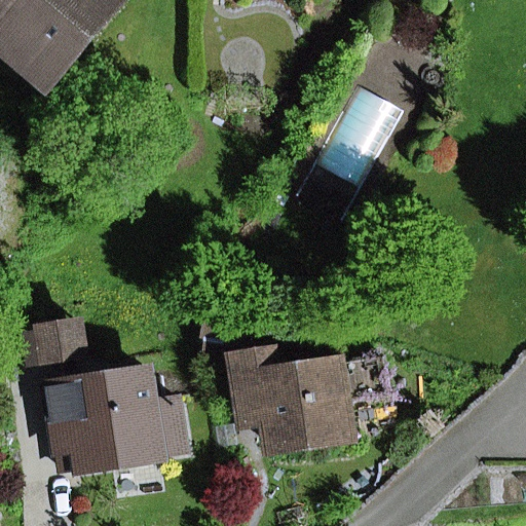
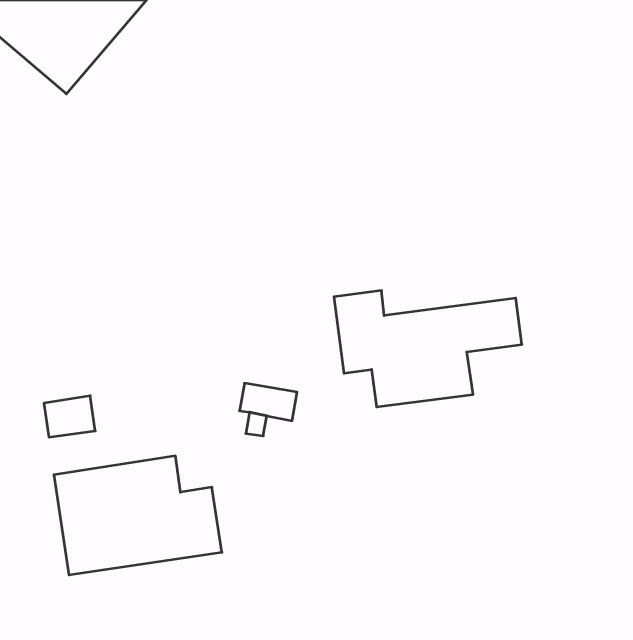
building: [231,353,385,449] -> [334,291,522,407]

